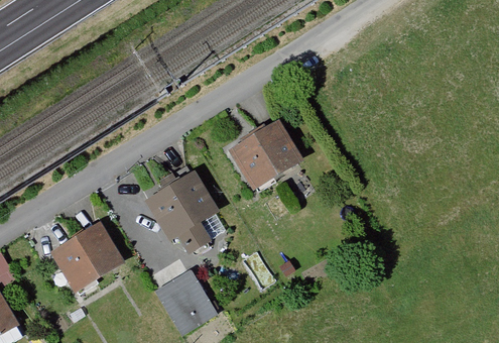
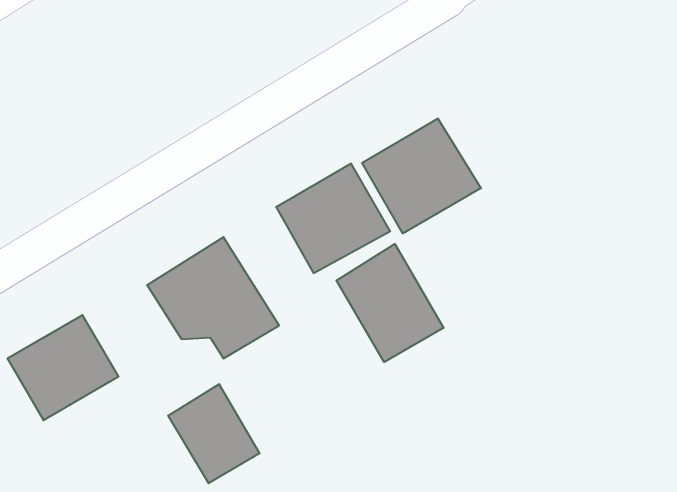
building: none -> [362,118,481,233]
building: none -> [336,244,444,362]

